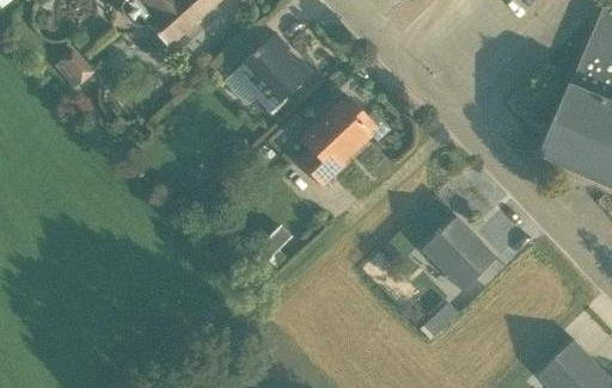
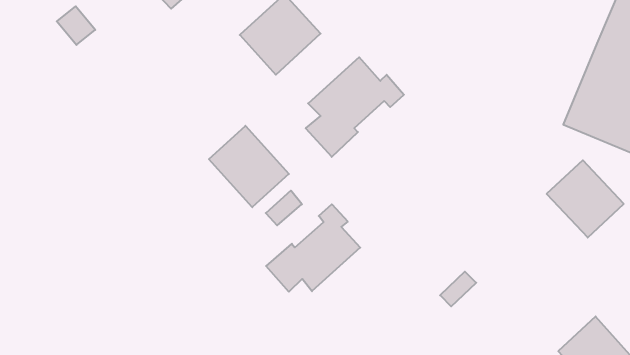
building: none -> [209,126,289,207]
building: [420,217,494,291] -> [547,160,624,238]
building: none -> [266,204,360,292]

